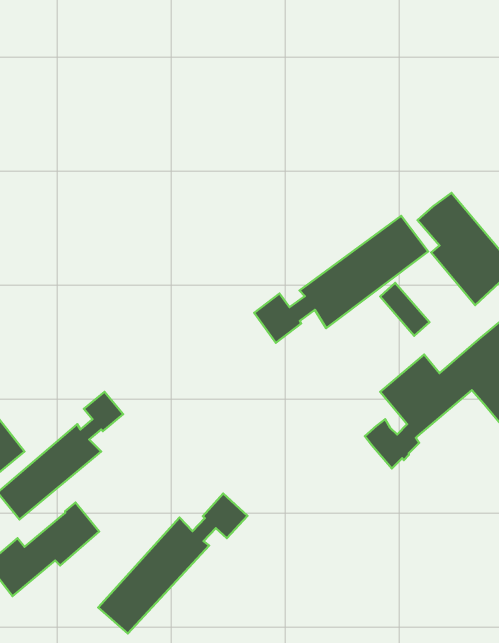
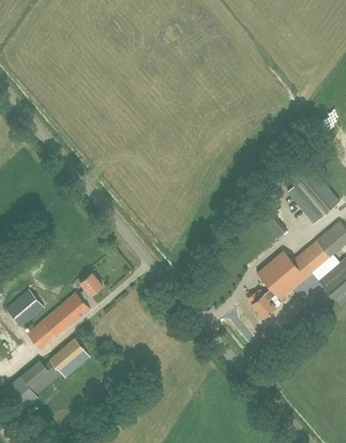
building: [254,216,428,343] -> none
building: [98,494,247,634] -> none

